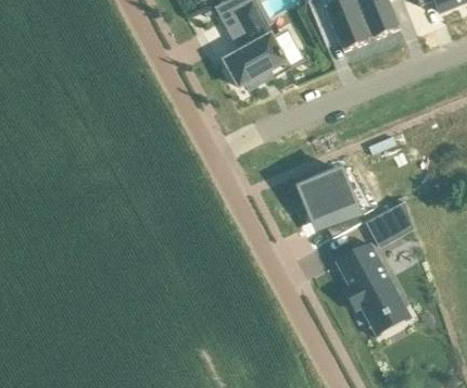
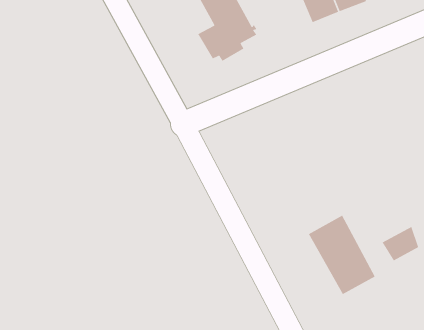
building: [299,165,369,238] -> none
building: [375,202,413,238] -> [382,226,419,261]

